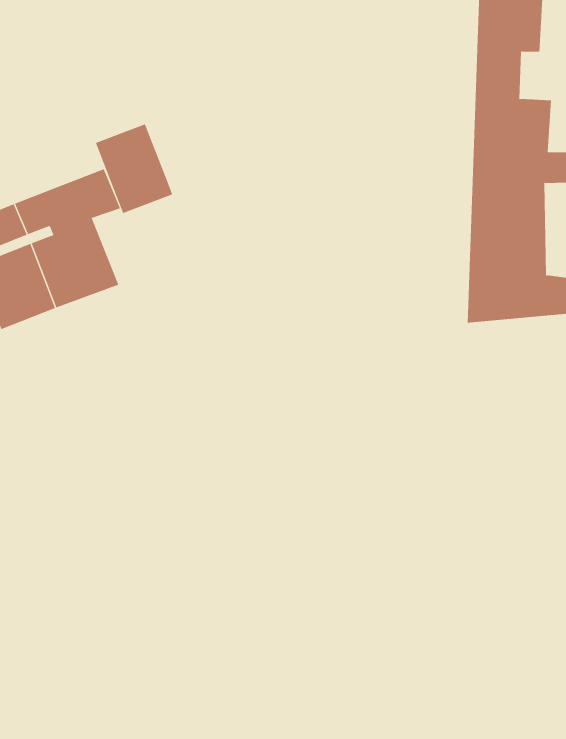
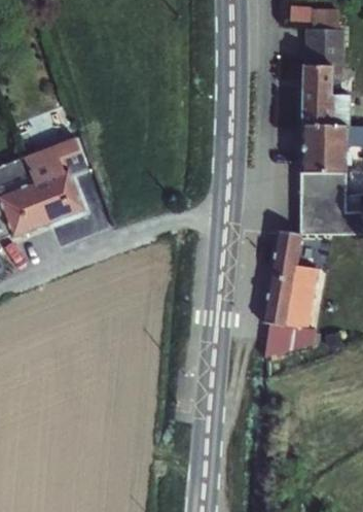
building: [95,123,173,214] -> none
building: none -> [260,231,317,355]

